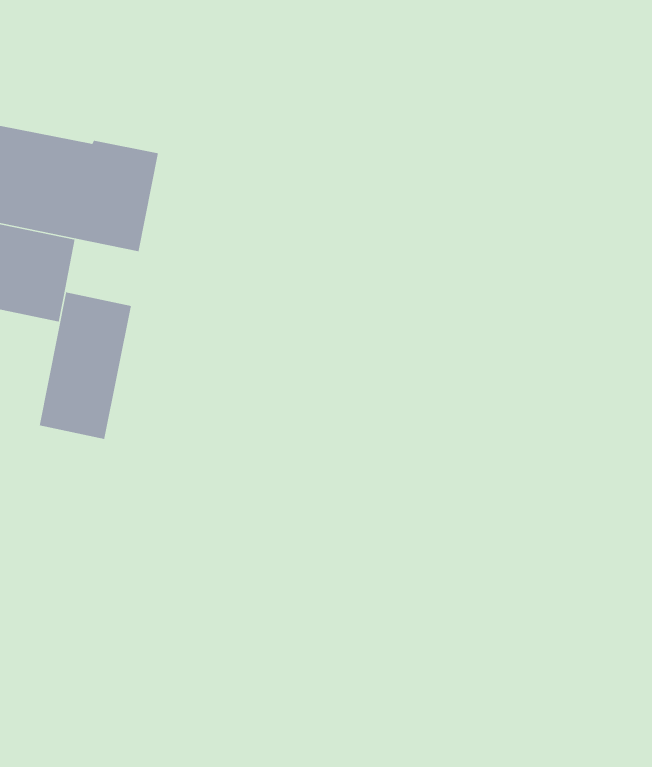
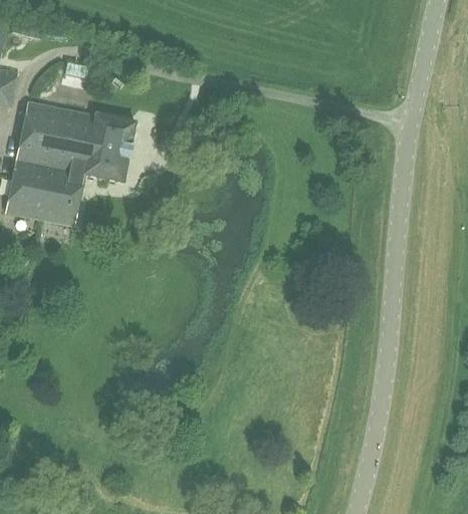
building: [39,291,132,440] -> none

